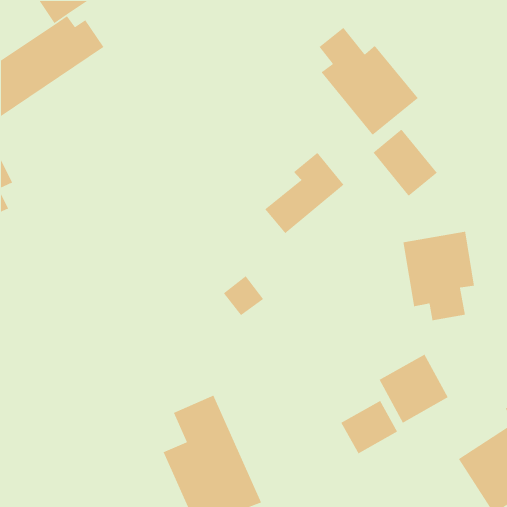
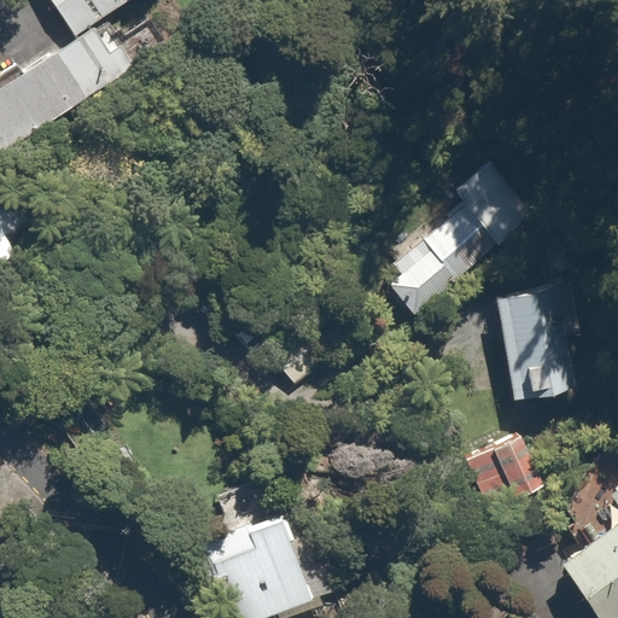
building: [318,27,419,136] -> none
building: [264,152,345,234] -> [389,214,485,313]
building: [340,400,398,454] -> none

